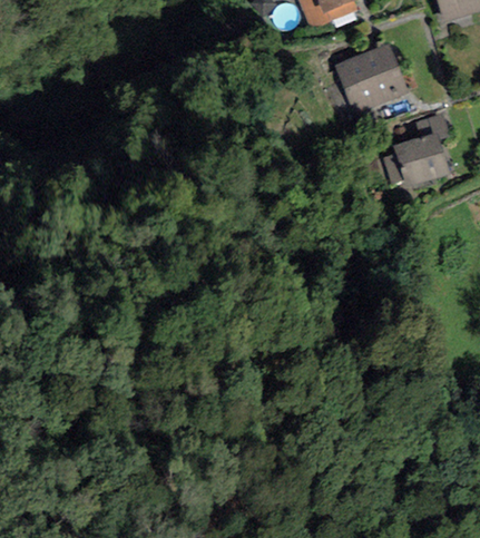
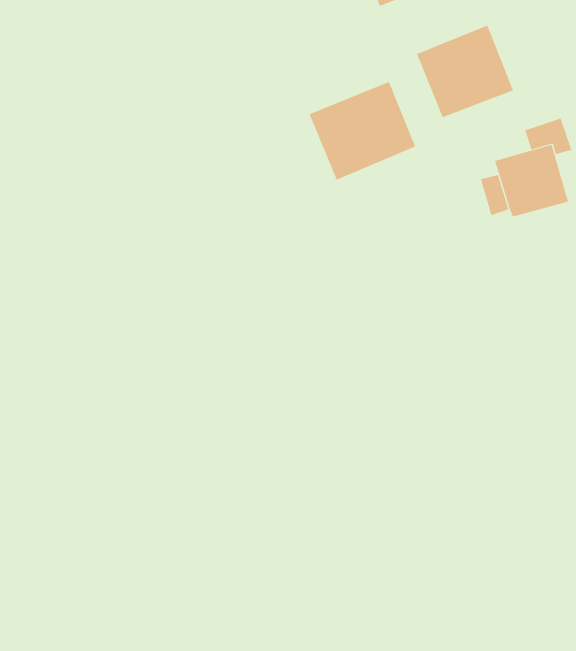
building: none -> [309,81,416,181]

